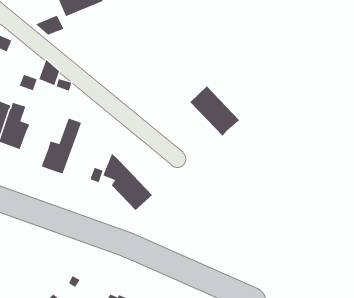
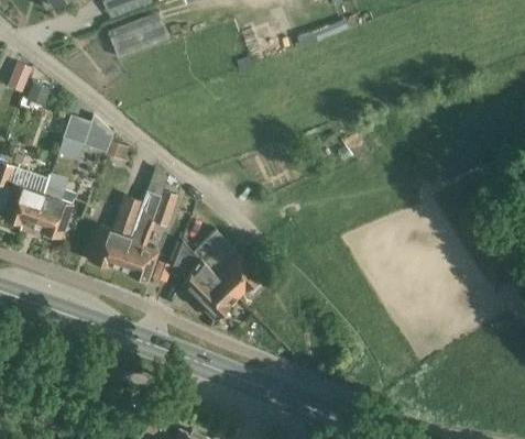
building: [35,15,64,36] -> none
building: [190,86,240,137] -> [193,230,260,298]
building: none -> [117,190,176,281]

